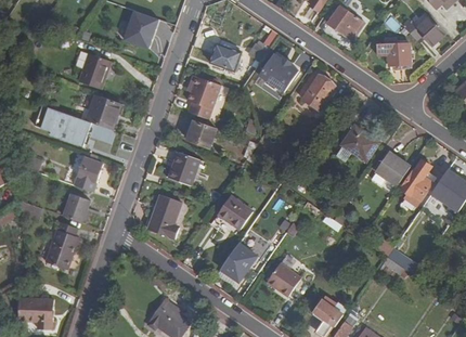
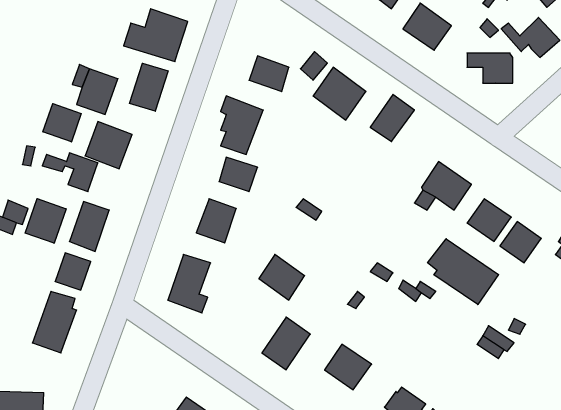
building: none -> [130,63,168,111]
building: none -> [43,104,81,142]
building: none -> [25,199,66,243]
building: none -> [428,239,499,305]

